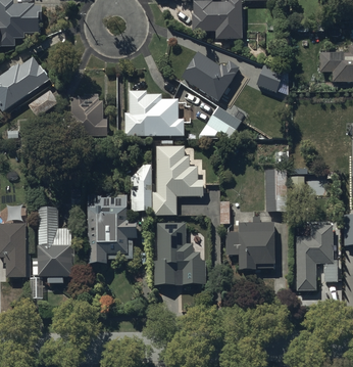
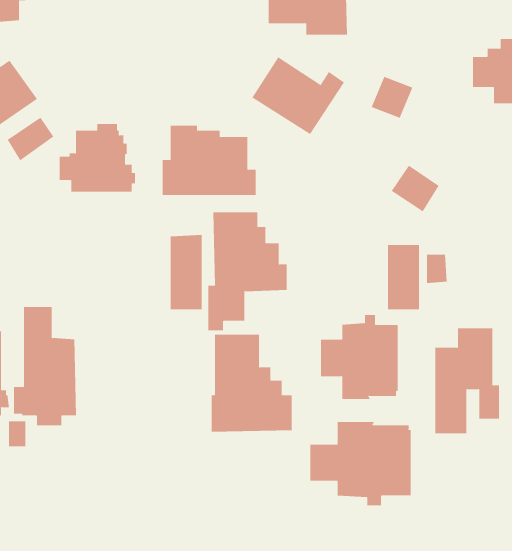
building: [209,106,240,136] -> [391,165,440,212]
building: [88,193,138,263] -> none
building: none -> [310,421,411,506]

